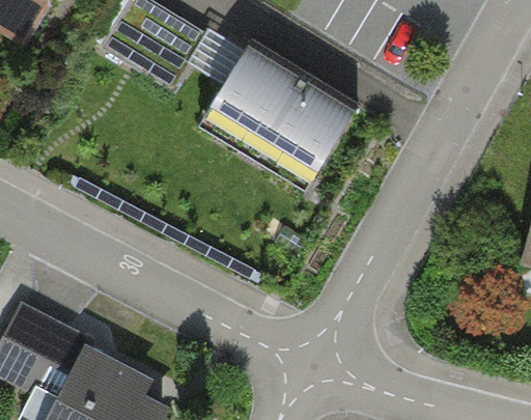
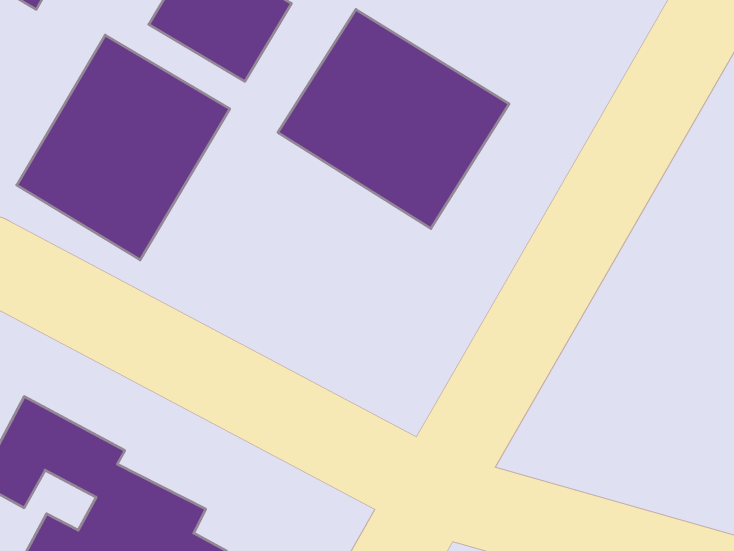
building: none -> [17,35,230,260]

